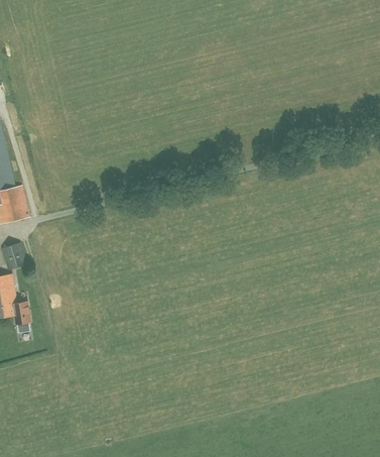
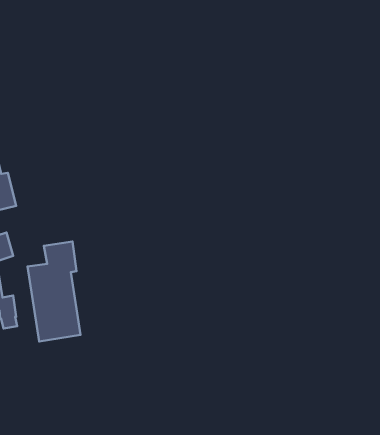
building: none -> [28,242,81,341]

